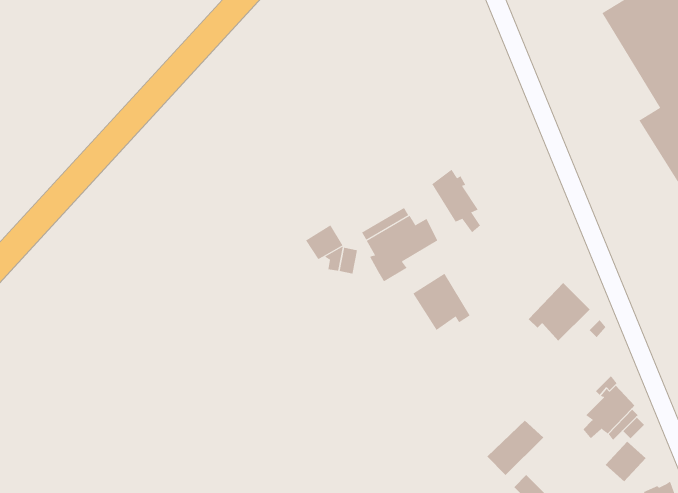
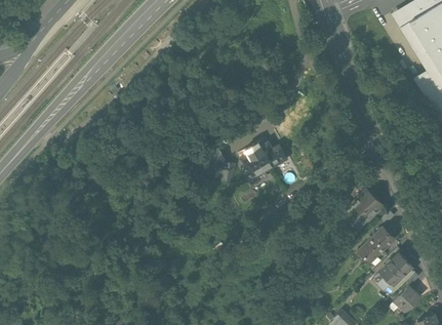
building: [431,169,481,233] -> none
building: [413,273,470,331] -> none
building: [486,420,544,476] -> [358,228,395,263]

